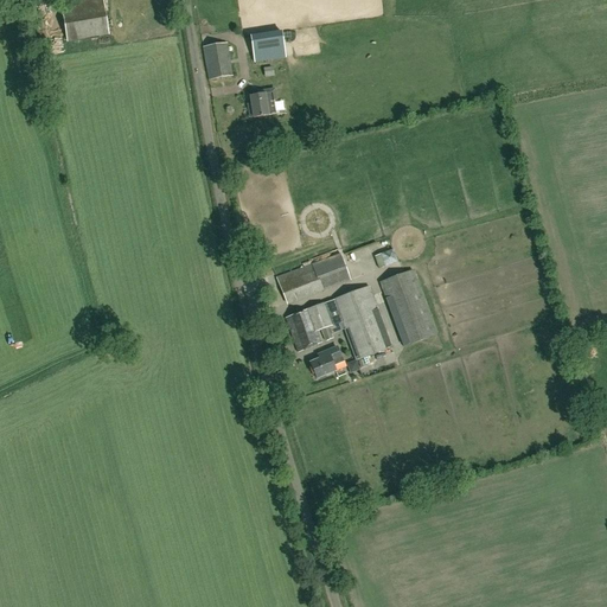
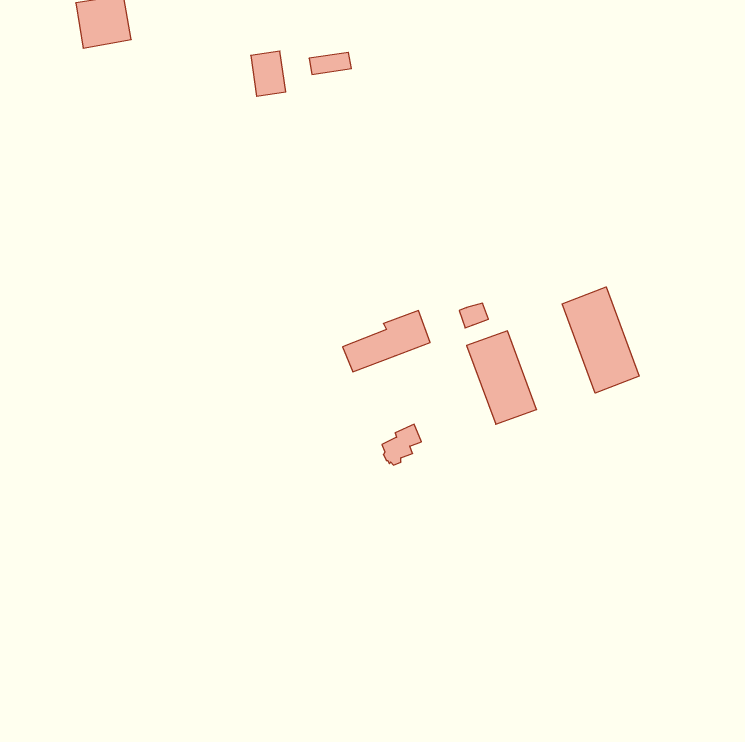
building: [249,89,276,117] -> none
building: none -> [562,287,639,393]
building: [285,285,391,358] -> none

